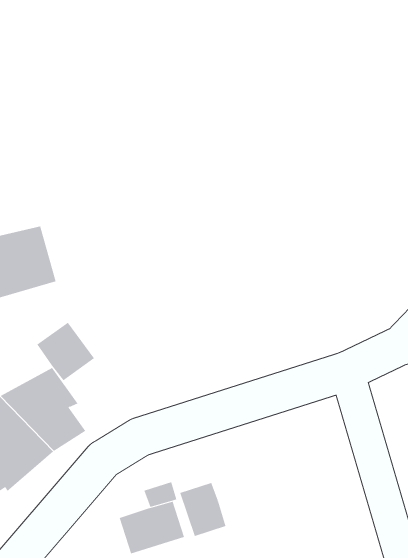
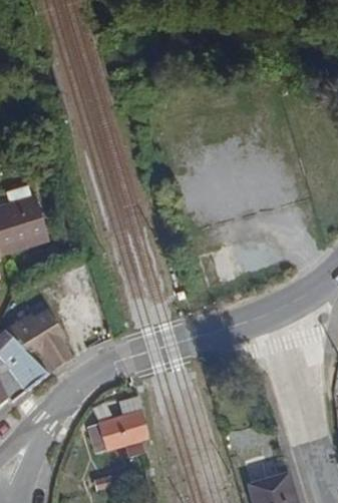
building: [36,322,95,381] -> none
building: [180,482,226,537] -> none

